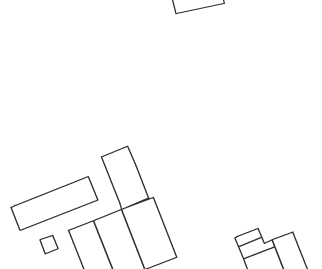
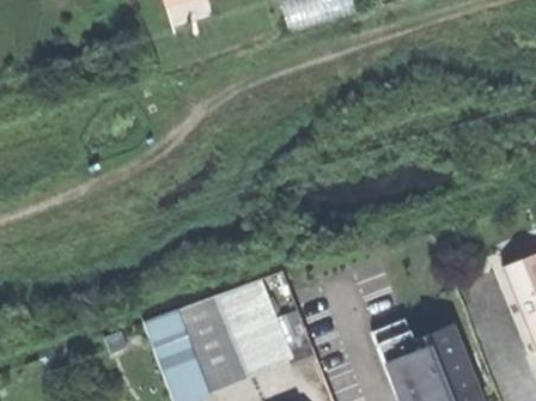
building: [101,146,149,209] -> none
building: [11,177,98,230] -> none

